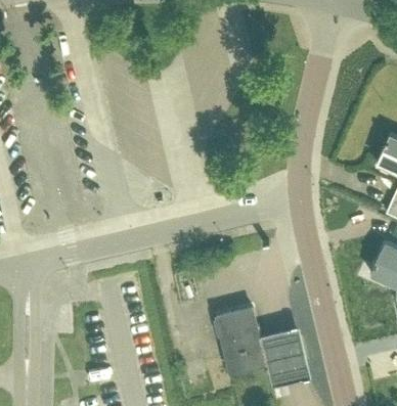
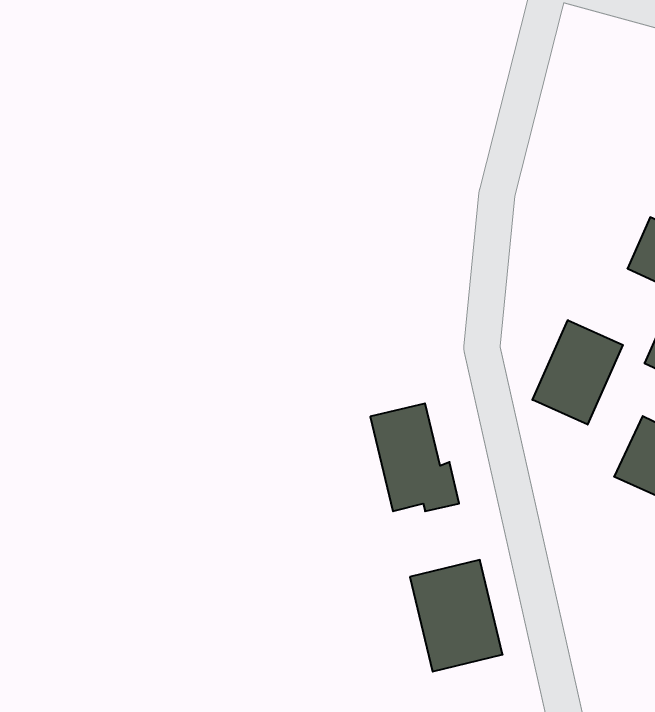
building: none -> [532,320,623,425]
building: [219,314,267,372] -> [370,403,459,511]

